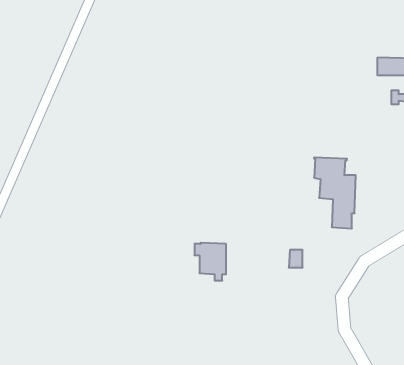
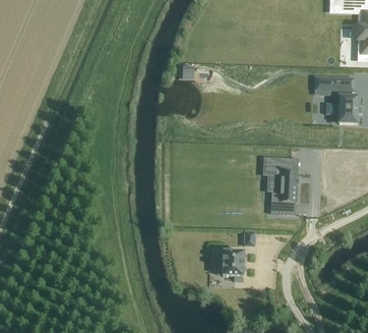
building: [194,243,226,281] -> [217,251,242,281]

